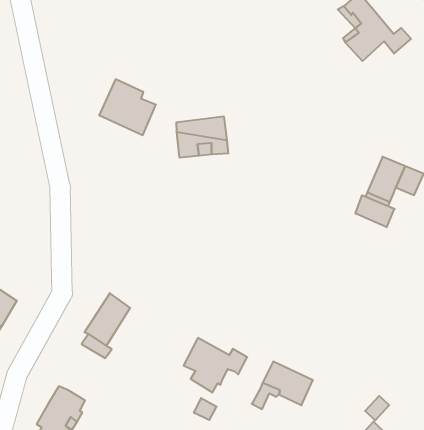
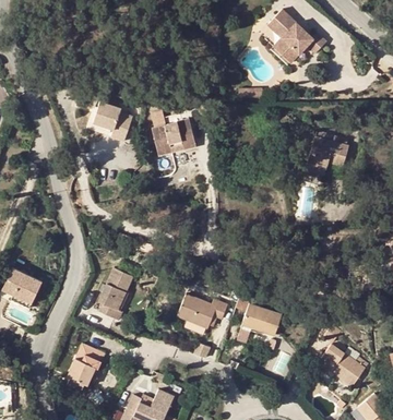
building: [355,195,395,227] -> none

